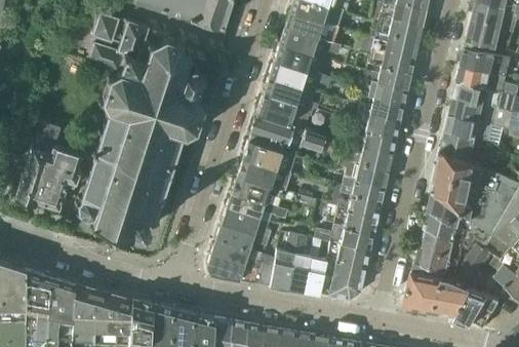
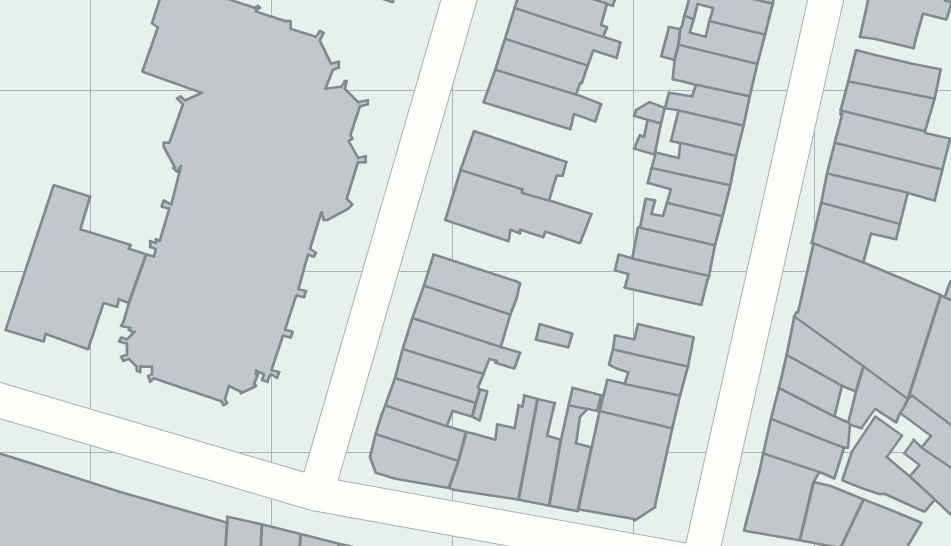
building: [263,78,317,111] -> none
building: [241,141,293,175] -> none
building: [340,177,384,203] -> none

